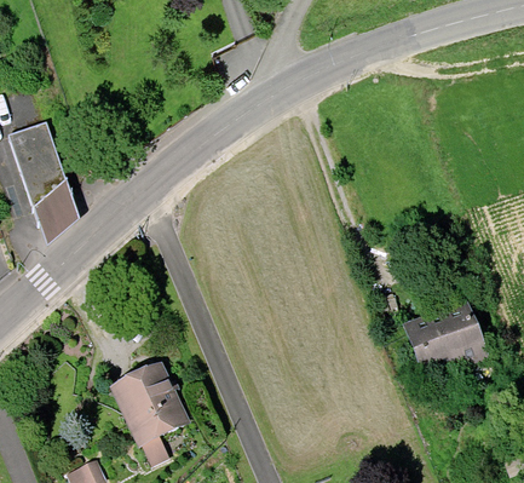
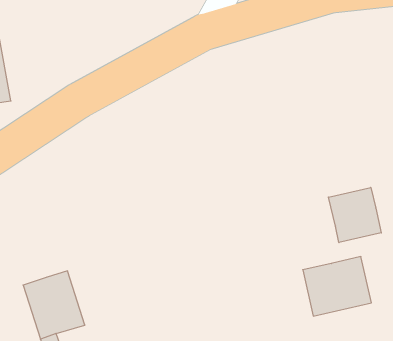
building: none -> [328,187,381,243]

